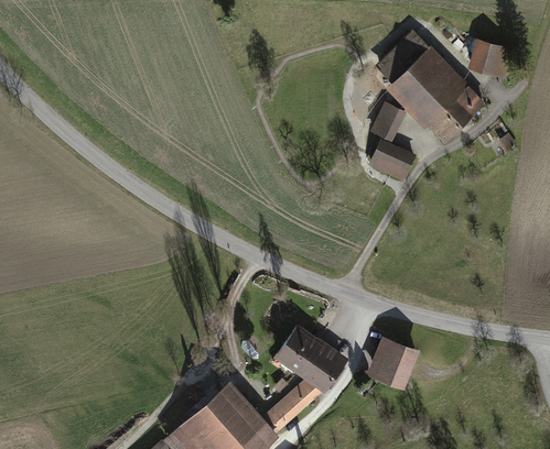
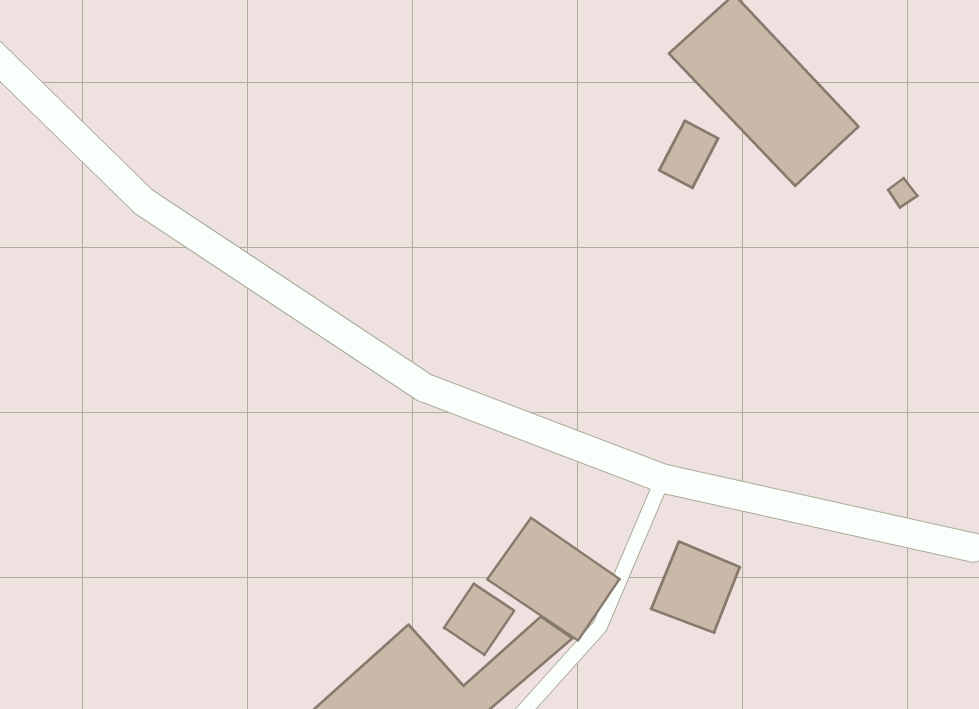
building: [468,41,511,78] -> none
building: [368,140,416,182] -> none
building: none -> [444,584,514,655]

